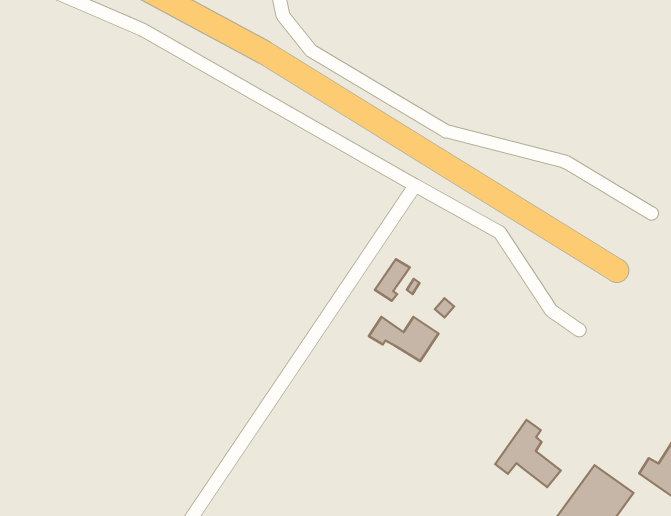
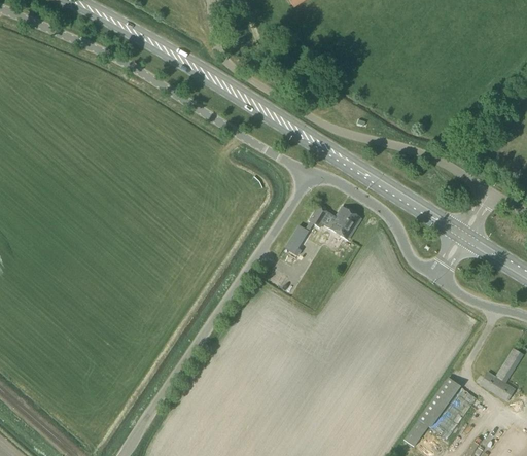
building: [369,317,438,361] -> [309,206,360,239]
building: [495,420,561,487] -> none

